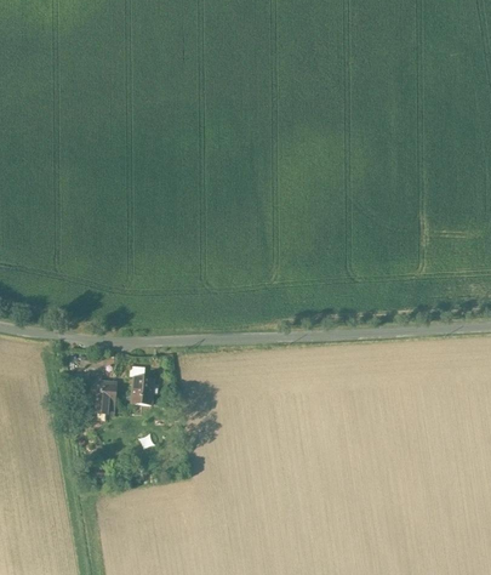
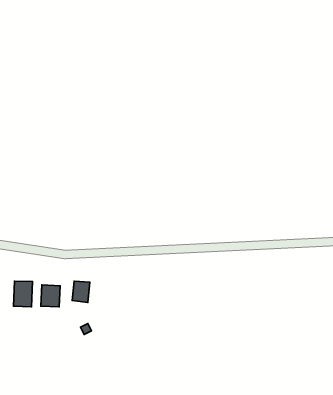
building: none -> [13,281,32,307]

